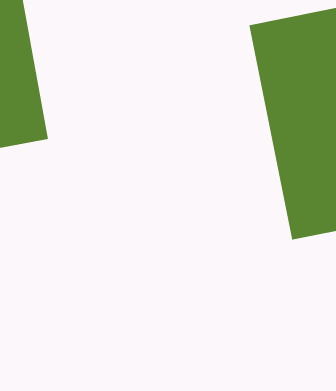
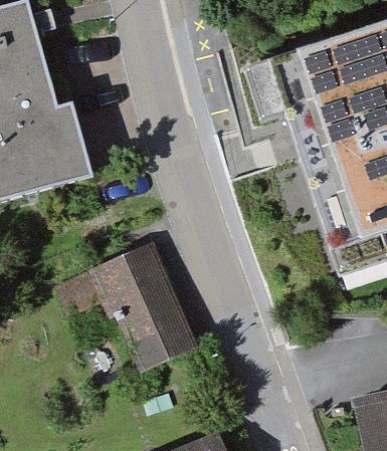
building: none -> [98,236,205,374]

